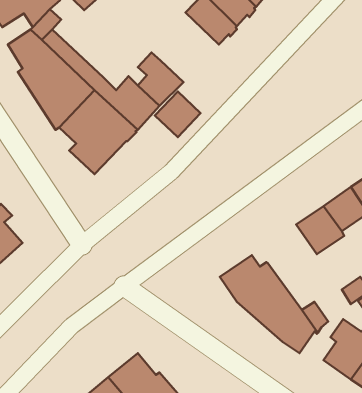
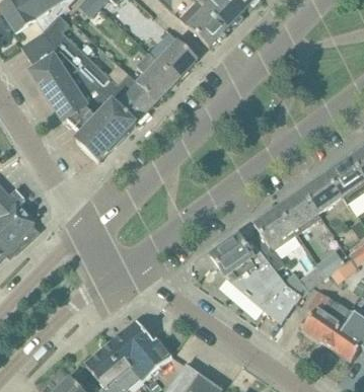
building: [155,92,201,137] -> [156,40,197,80]
building: none -> [248,207,296,271]

